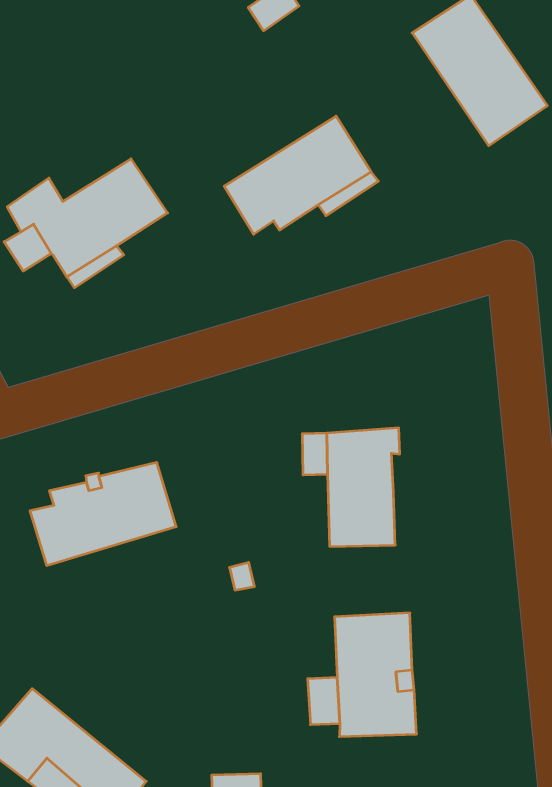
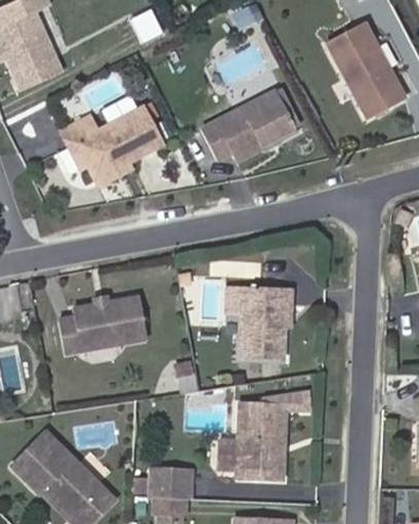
building: none -> [152,466,194,496]

